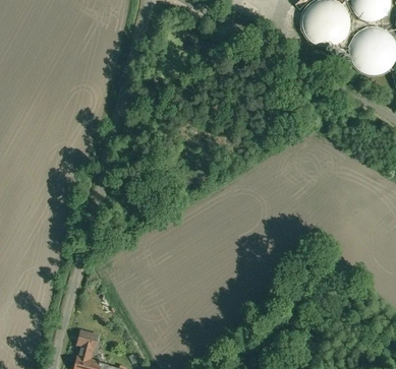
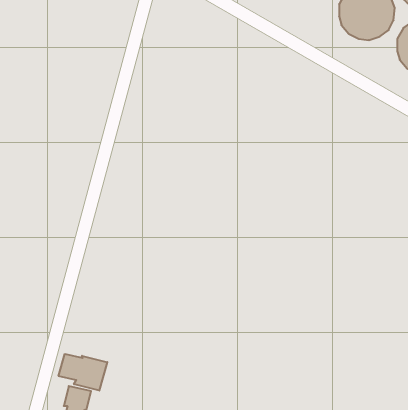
building: none -> [59,354,107,391]

